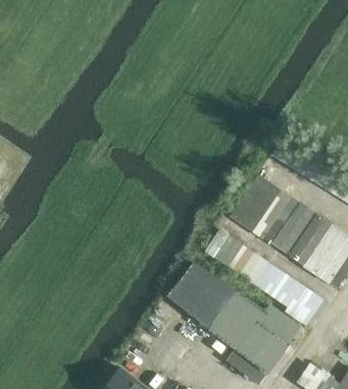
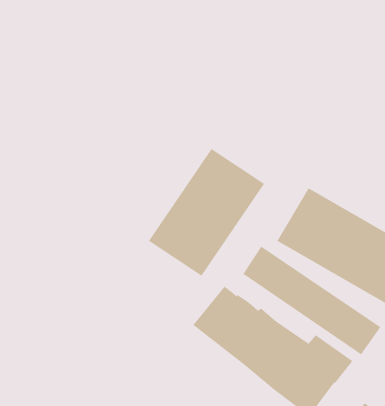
building: none -> [148,148,265,277]

